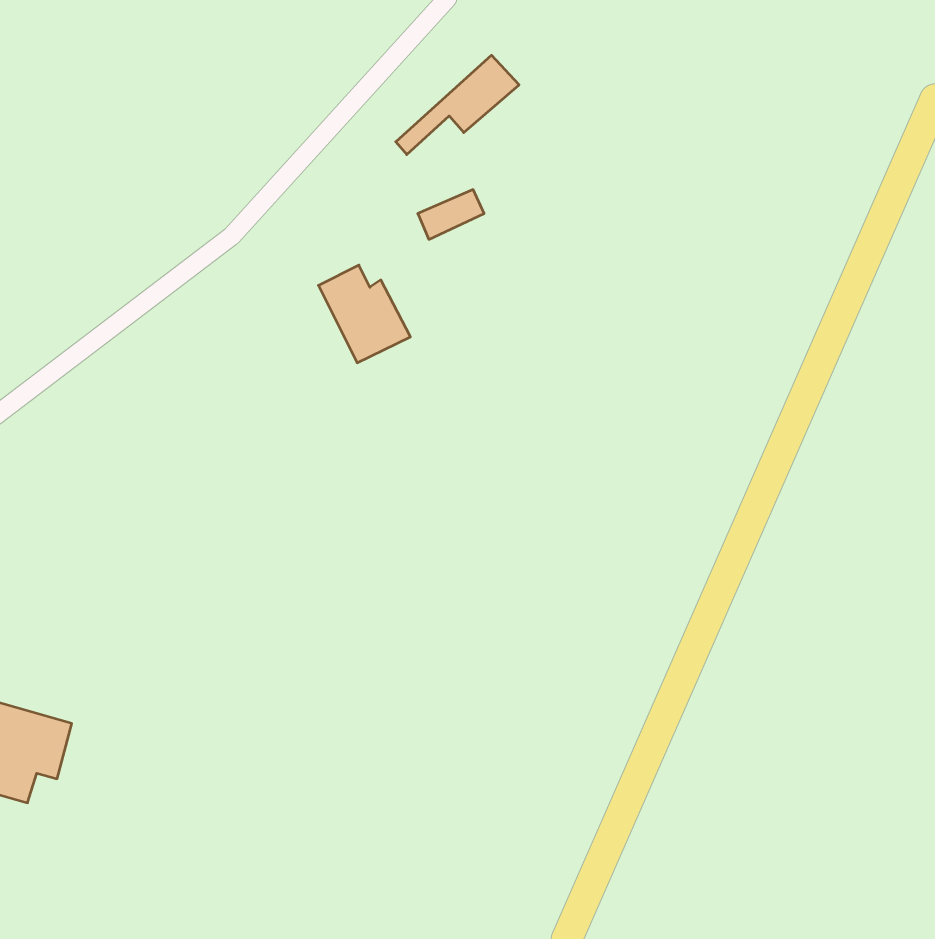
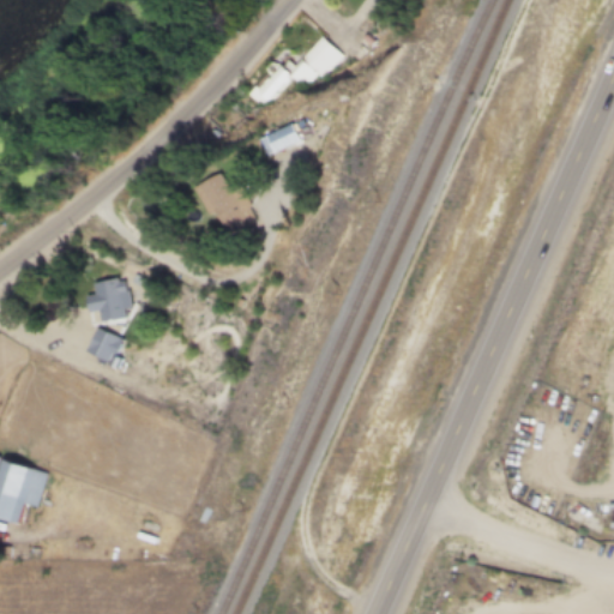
building: none -> [88,279,125,320]
building: none -> [86,326,124,363]

